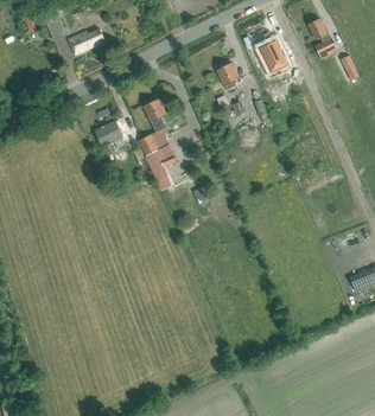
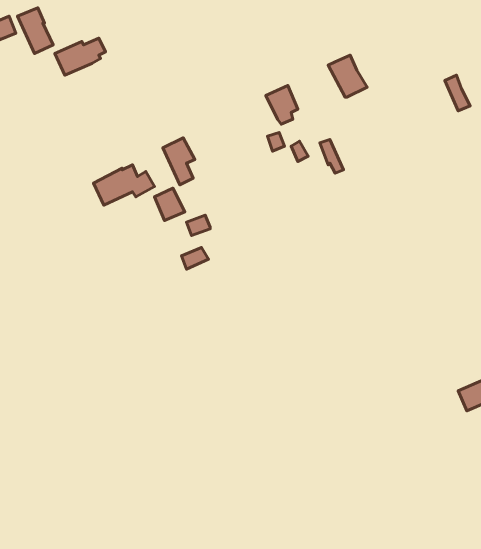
building: [309,19,335,60] -> none

